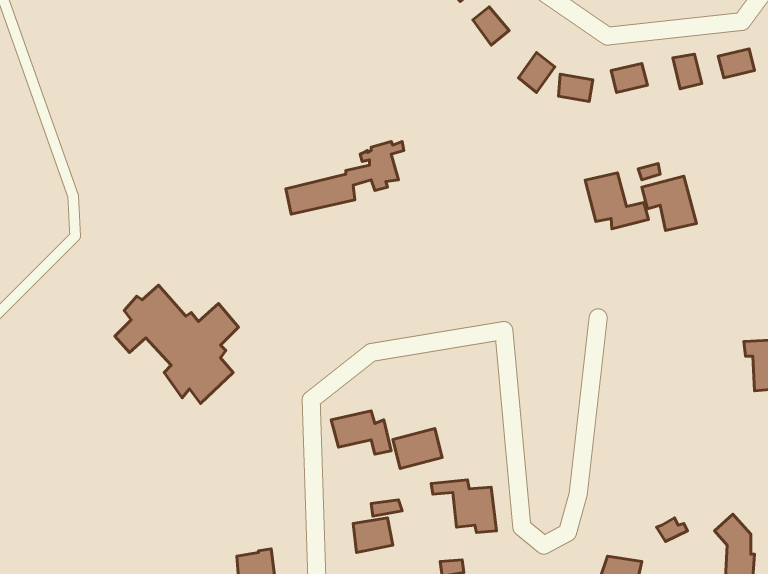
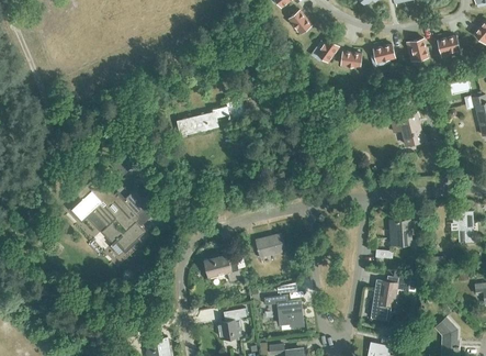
building: [585,173,648,229] -> none
building: none -> [389,220,422,247]
building: [393,429,442,469] -> [256,234,285,258]
building: none -> [371,277,410,320]

